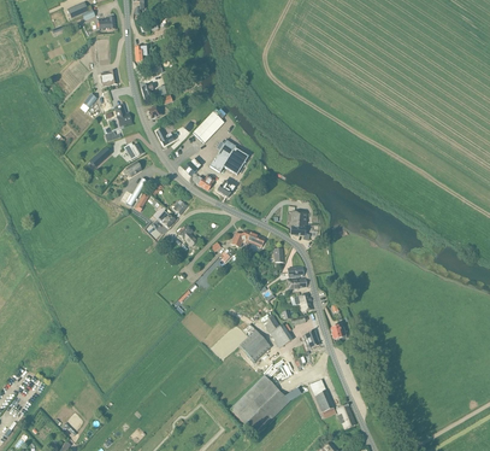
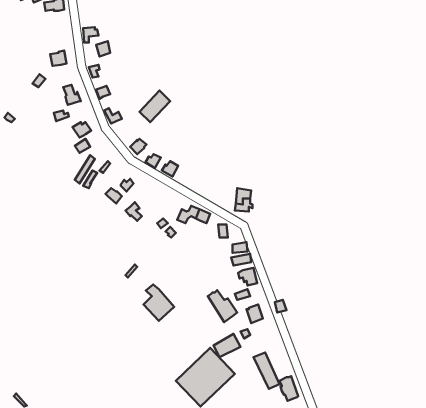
building: [209,140,248,175] -> none
building: [240,324,271,362] -> [144,285,174,321]

